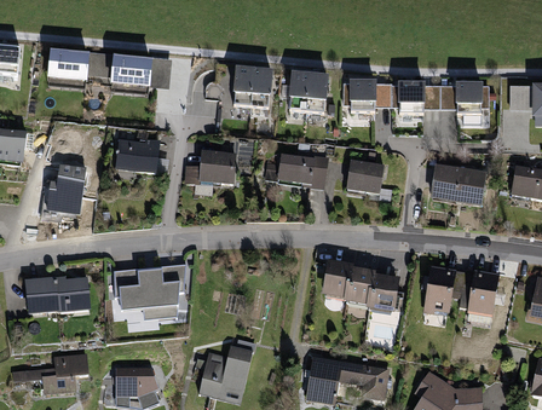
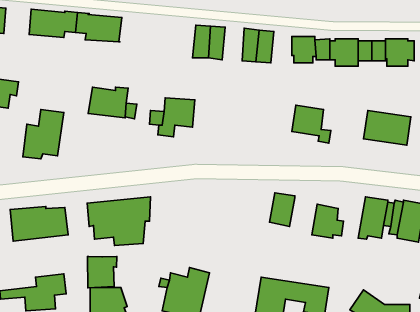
building: [149,57,171,88] -> none
building: [264,154,328,190] -> none
building: [345,266,376,308] -> none
building: none -> [87,256,117,288]

